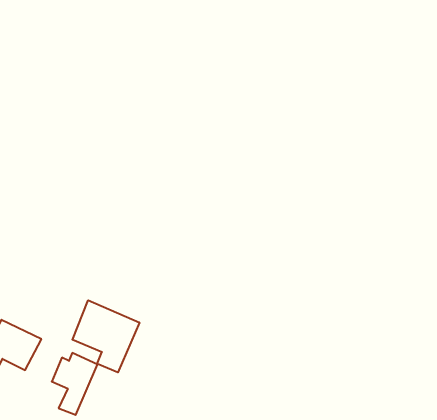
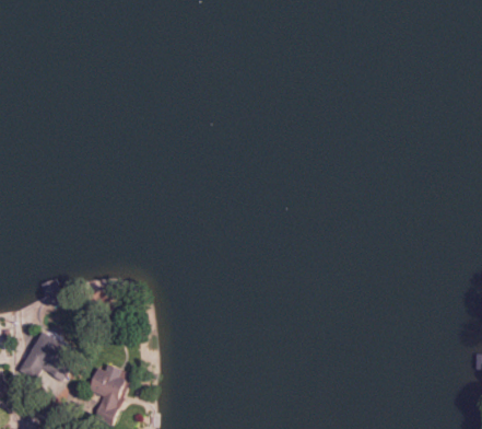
building: [72,300,139,372] -> none

